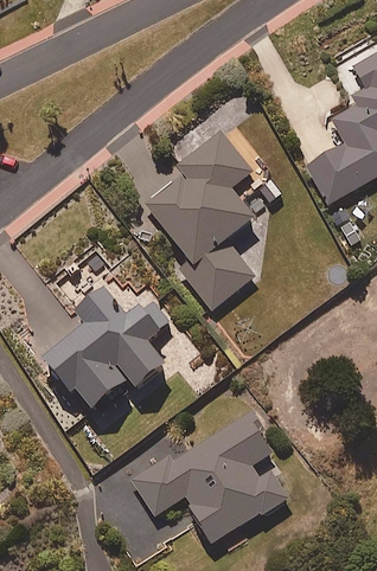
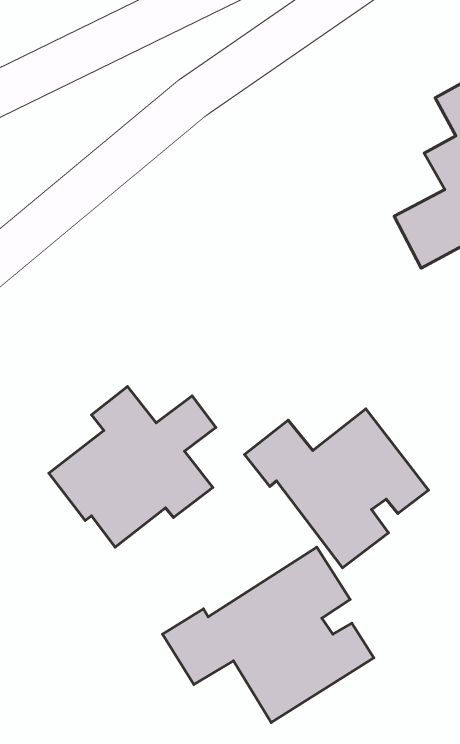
building: [145,130,255,309] -> none
building: none -> [244,409,428,568]

